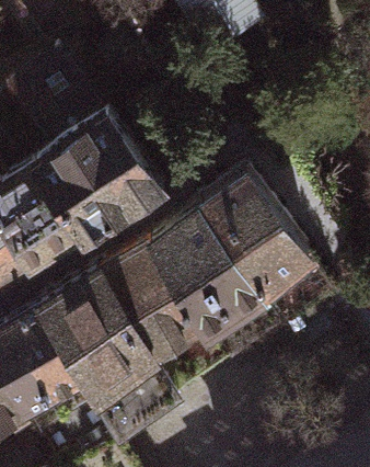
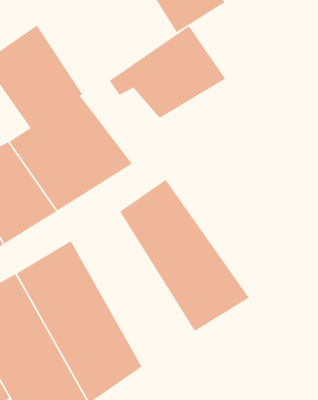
building: none -> [109,25,226,119]
building: [187,171,322,329] -> none
building: [90,240,217,400] -> none

